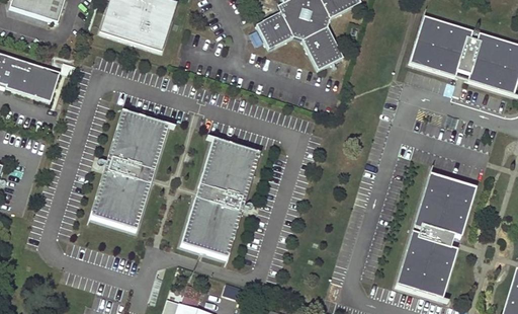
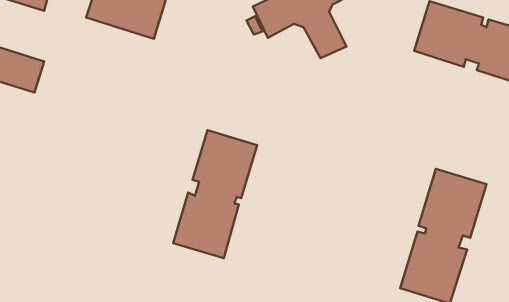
building: [91,109,170,230] -> none

